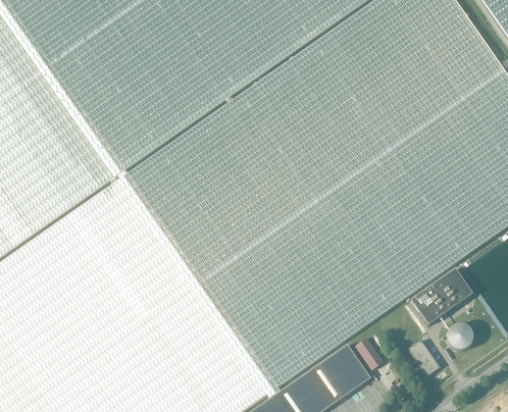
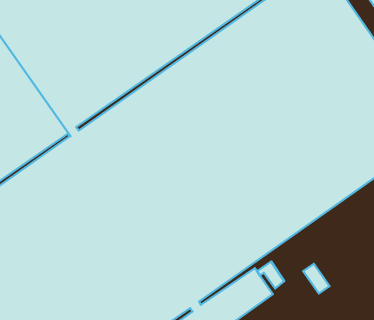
building: [410,268,472,325] -> none
building: [447,324,472,351] -> none

